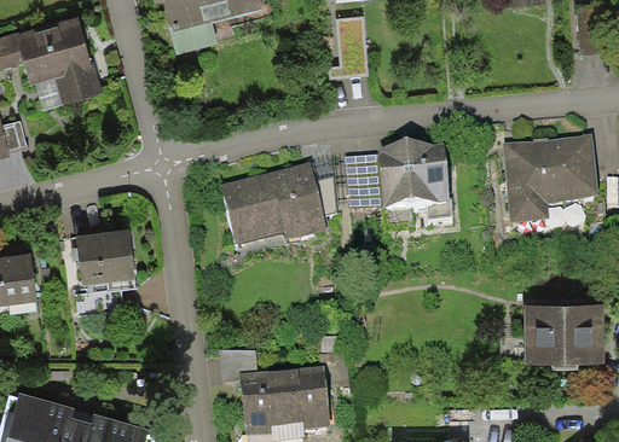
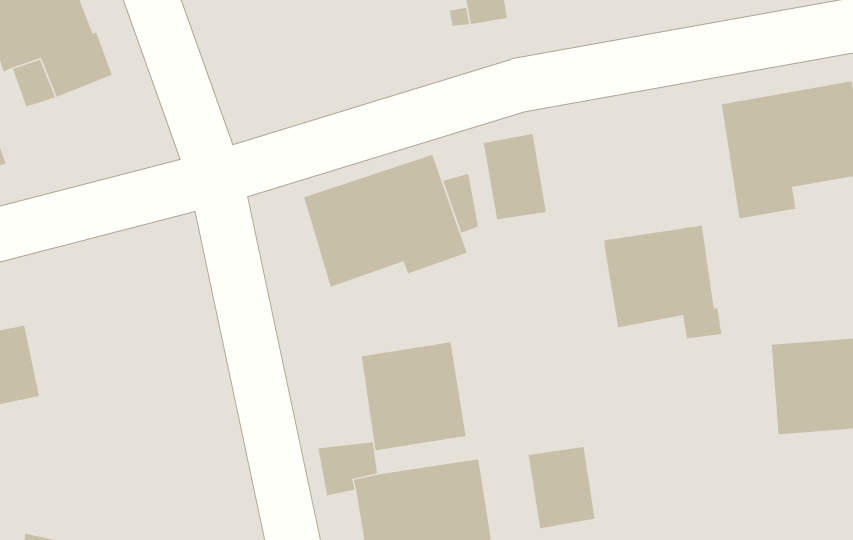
building: [377,143,451,217] -> [603,225,722,339]
building: [76,229,134,285] -> none
building: none -> [361,341,466,451]
building: none -> [528,446,596,529]

